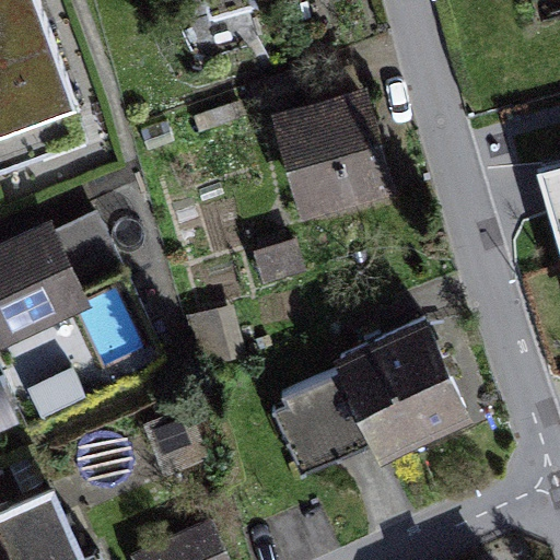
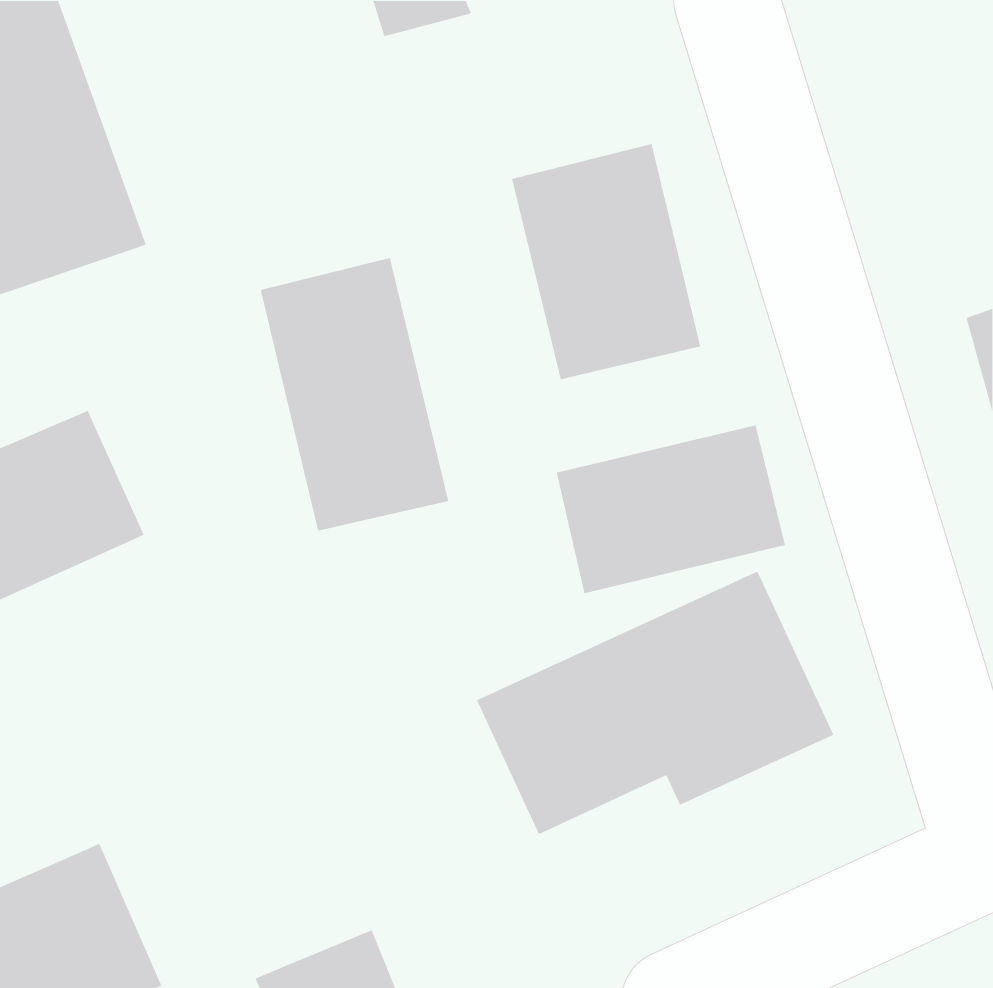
building: none -> [260,257,449,532]
building: none -> [556,424,786,594]

